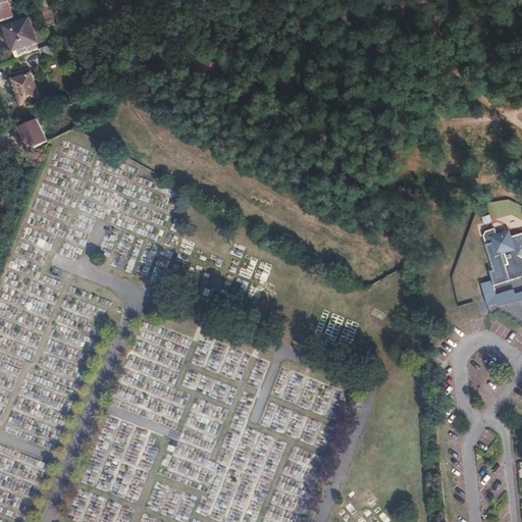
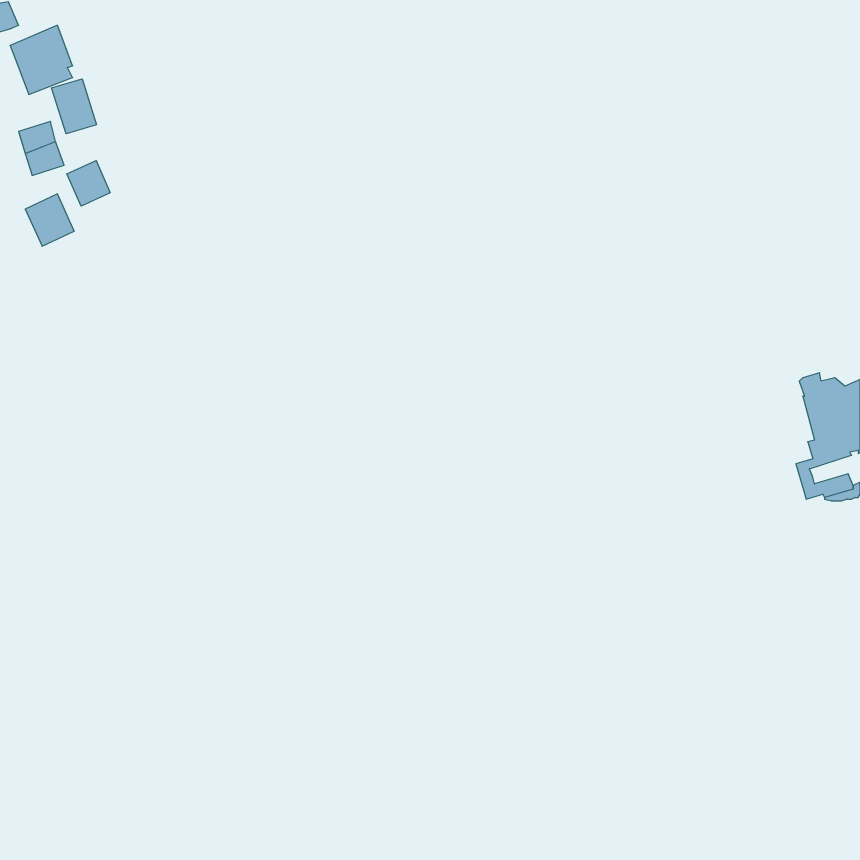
building: none -> [52,79,97,134]
building: none -> [67,160,110,206]

